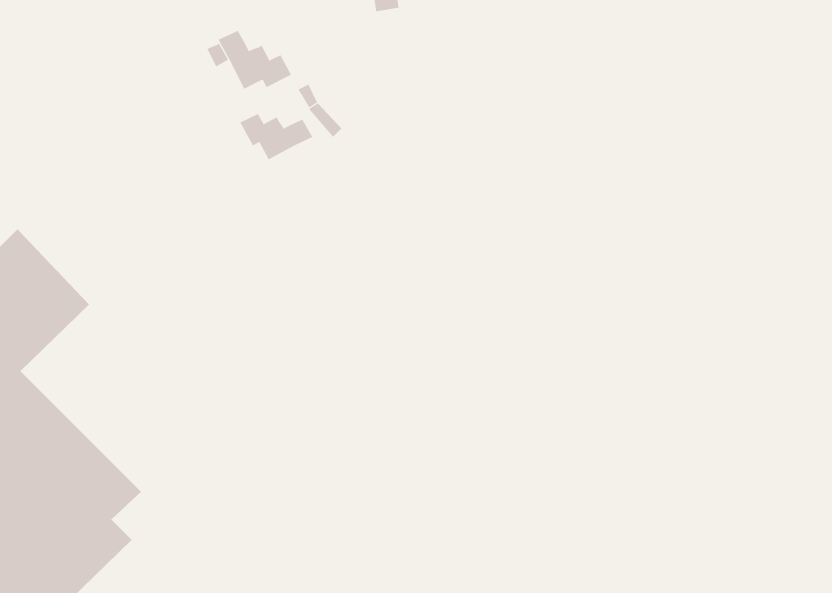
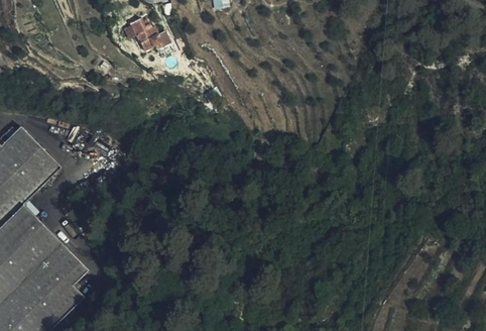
building: [240,113,313,160] -> none

